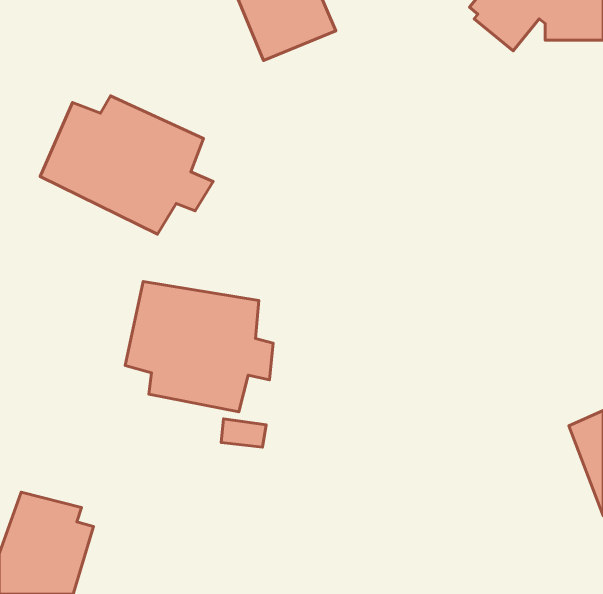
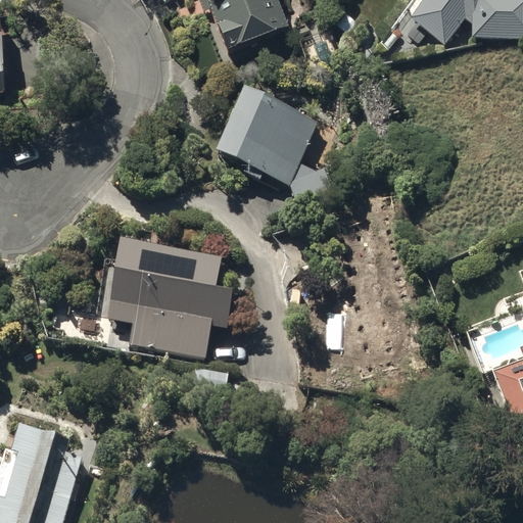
building: [40,96,213,234] -> none
building: none -> [216,88,333,202]

